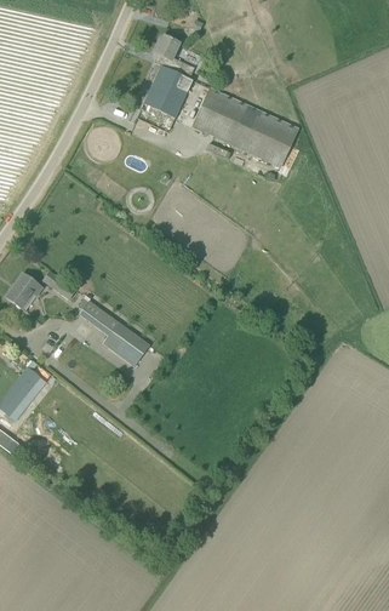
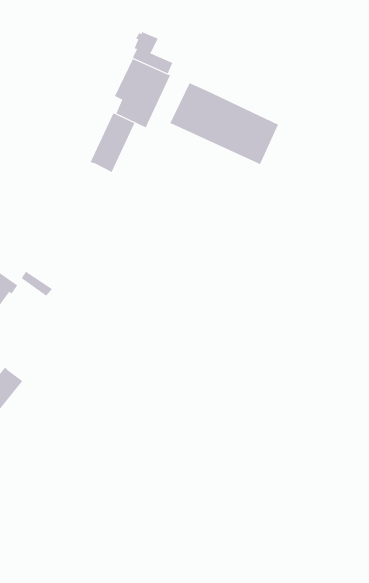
building: none -> [90,112,135,173]
building: [80,299,150,365] -> none

